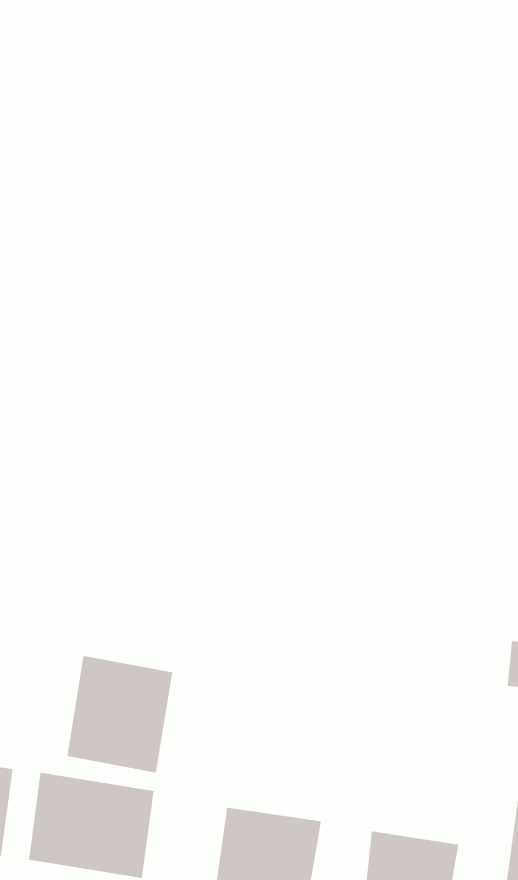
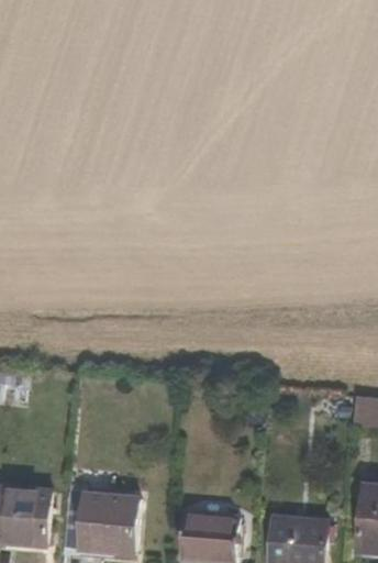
building: [66,655,173,773] -> none

